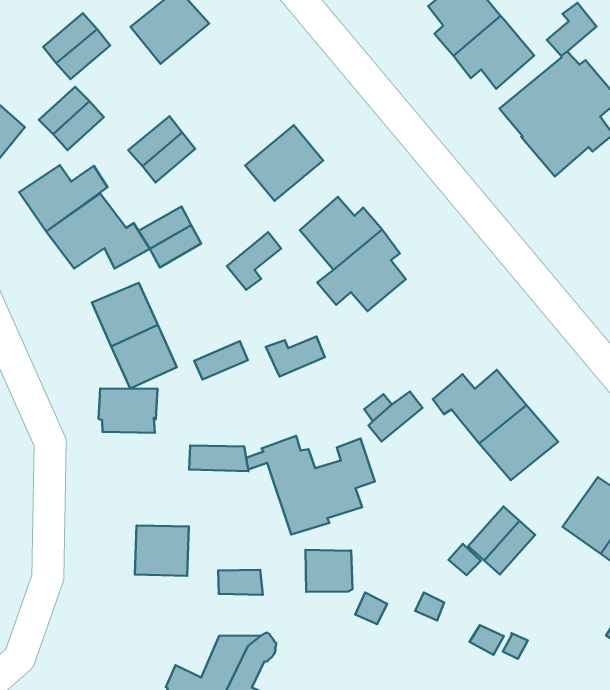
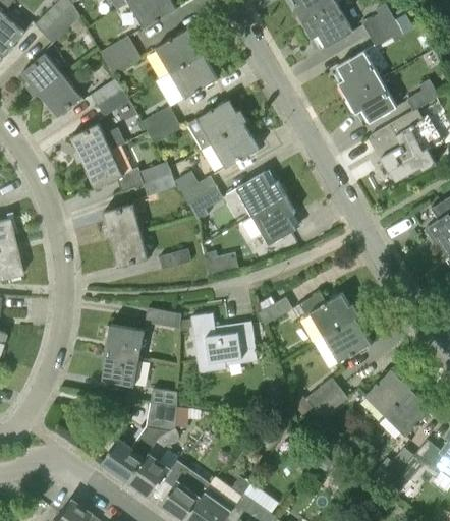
building: none -> [169,54,217,98]
building: none -> [186,100,243,149]
building: none -> [176,174,217,202]
building: [99,388,157,433] -> [106,324,145,356]
building: [306,550,353,592] -> [146,400,177,429]

